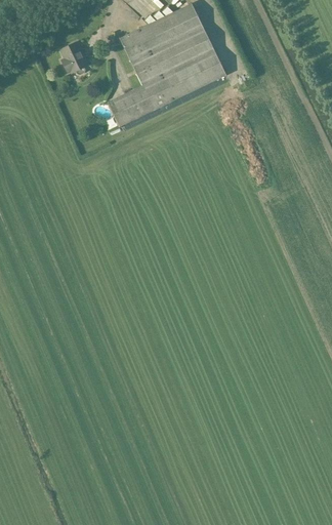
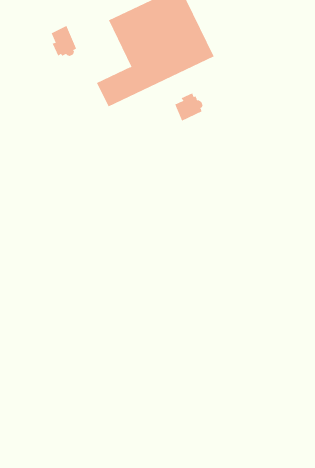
building: none -> [174,92,203,122]

